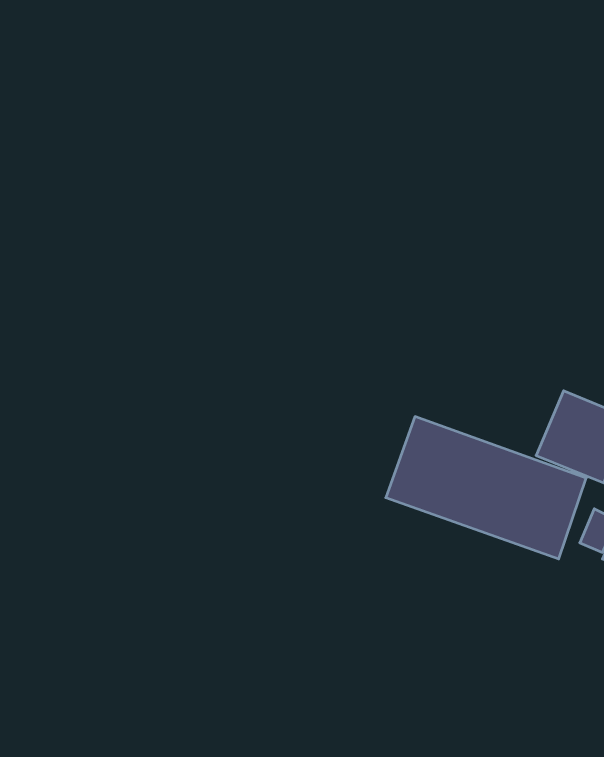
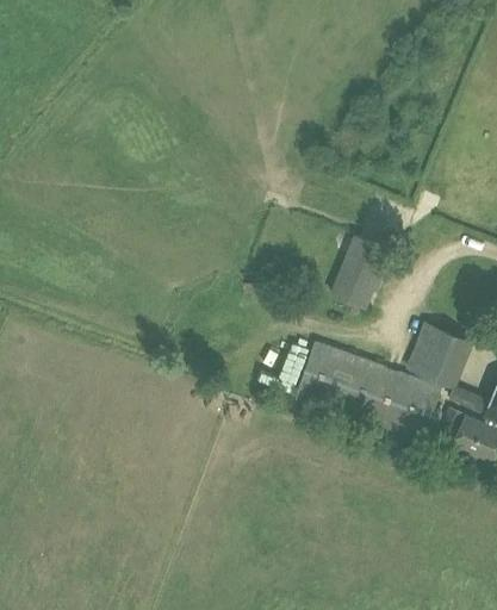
building: none -> [329,231,390,307]

